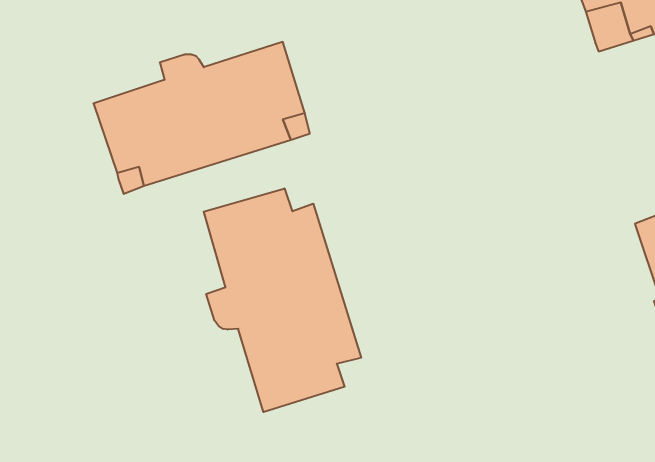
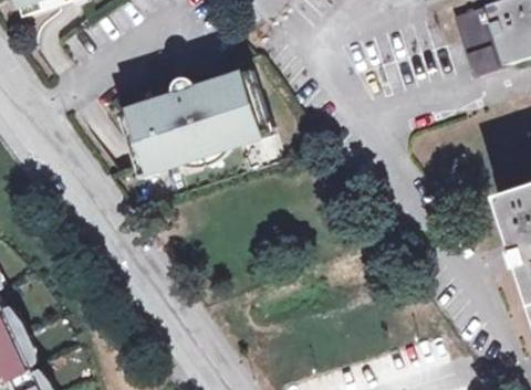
building: [204,188,361,412] -> none

